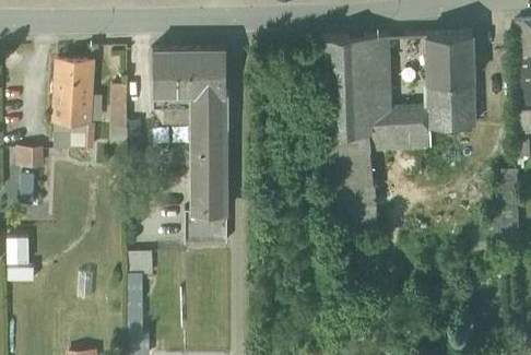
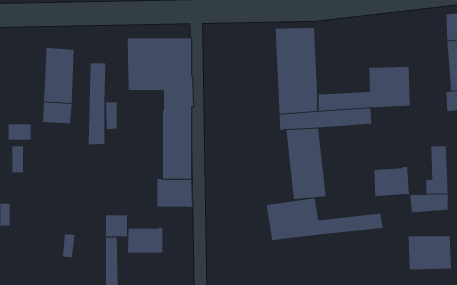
building: [427,32,475,81] -> none
building: [367,34,390,111] -> none
building: none -> [374,166,409,197]
building: none -> [266,198,384,241]
building: none -> [127,227,163,253]
building: none -> [408,236,451,270]

